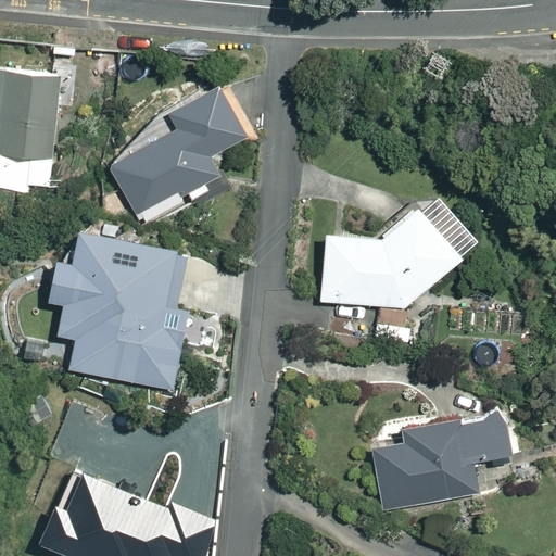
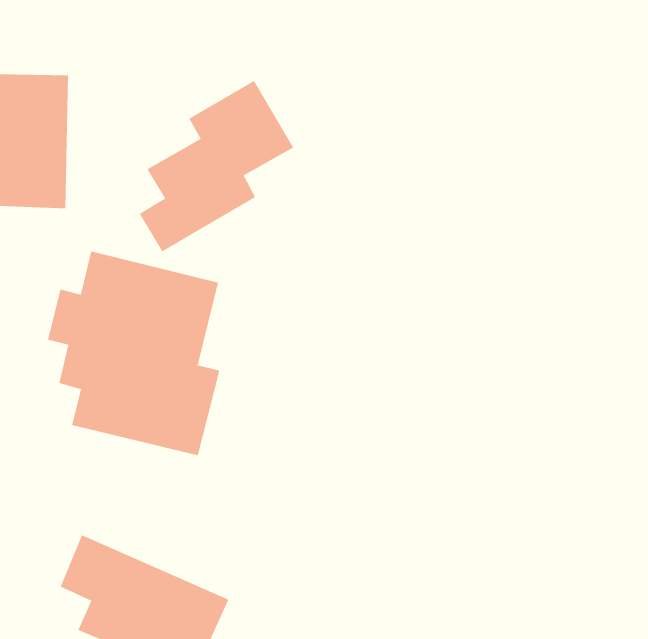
building: [319,204,465,313] -> none
building: [370,409,514,516] -> none

